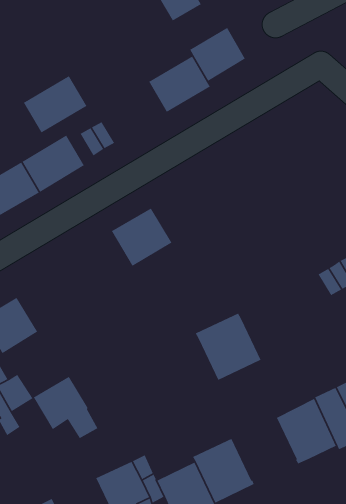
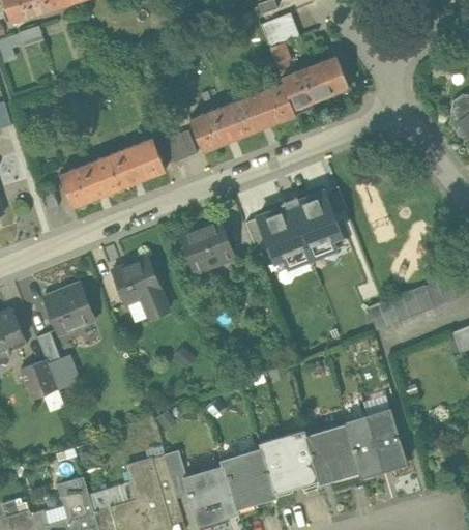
building: none -> [320,56,348,95]
building: [23,75,88,134] -> [189,101,250,152]
building: none -> [245,189,344,269]
building: [195,312,262,381] -> [259,431,318,492]
building: [33,376,99,439] -> [111,257,168,318]

